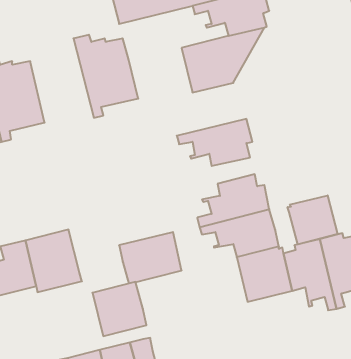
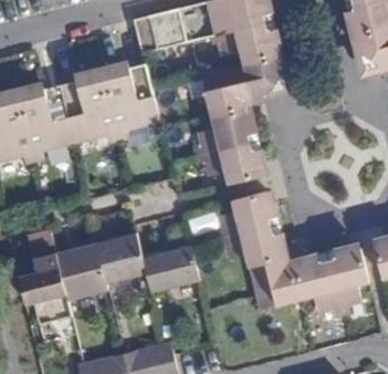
building: none -> [60,65,118,143]
building: none -> [193,106,259,155]
building: [288,195,338,244] -> none
building: [92,282,146,336] -> [95,231,145,281]

